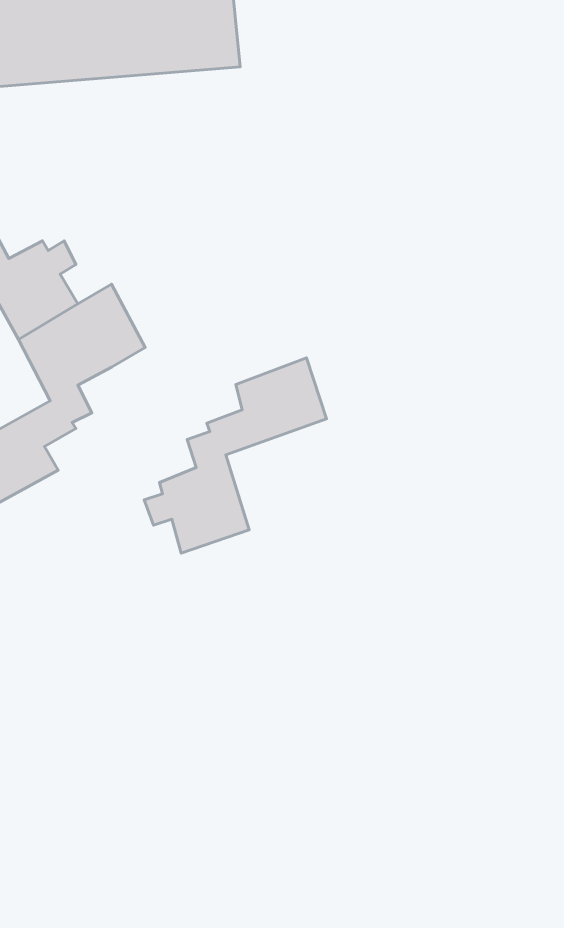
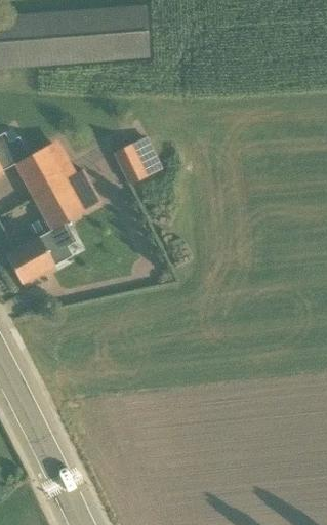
building: none -> [114,139,158,185]
building: [144,358,326,553] -> none

